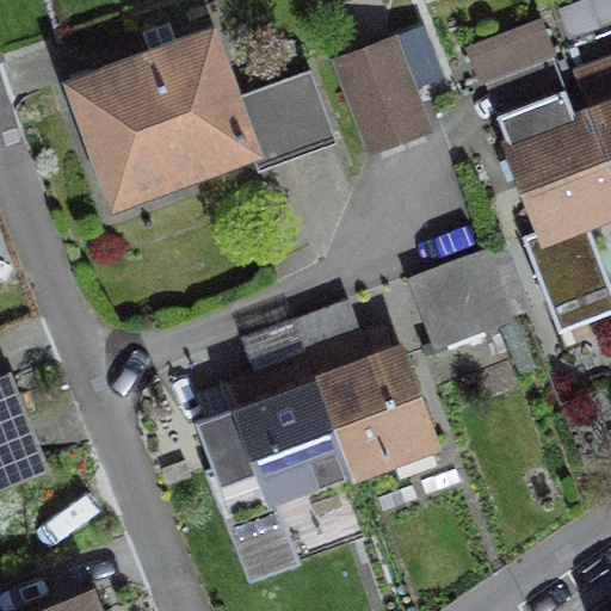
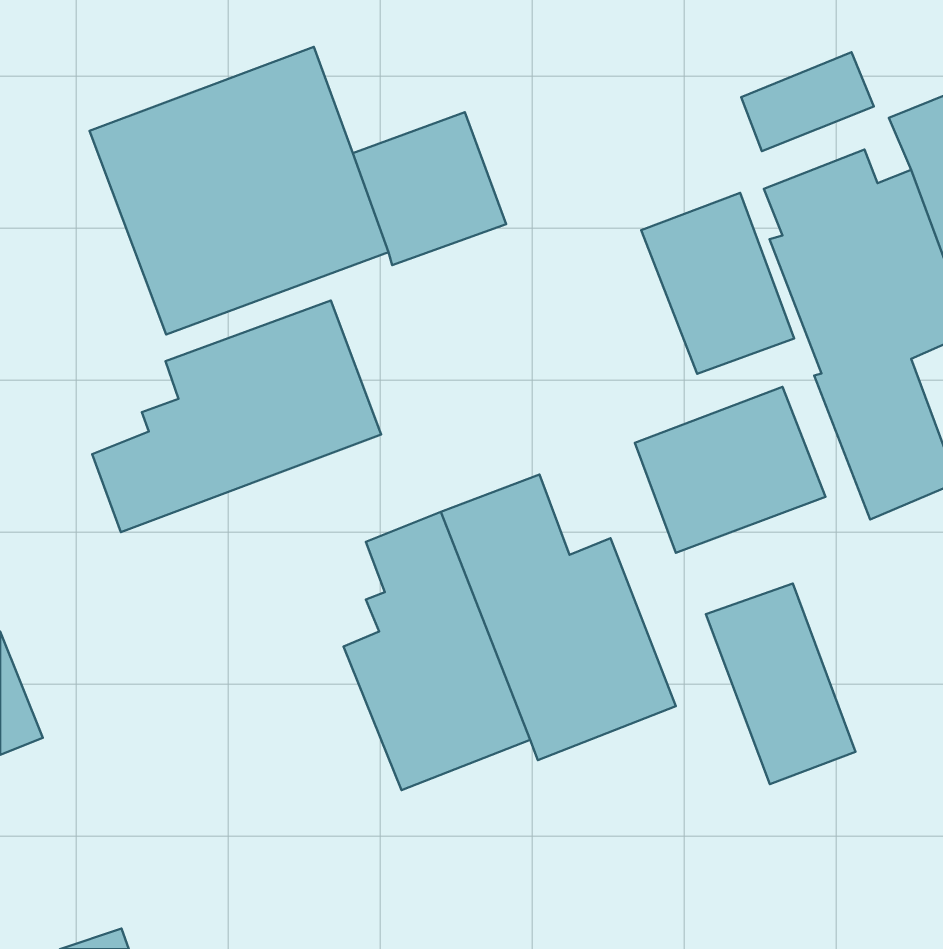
building: [335,37,433,153] -> [641,193,794,374]
building: none -> [92,301,381,532]
building: none -> [706,583,855,784]

